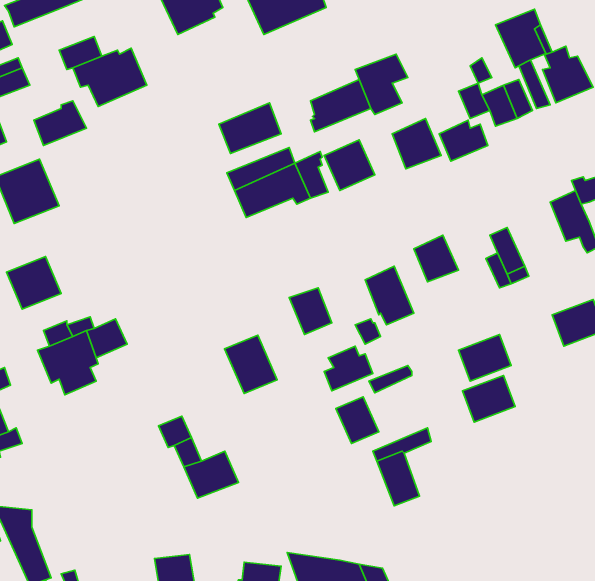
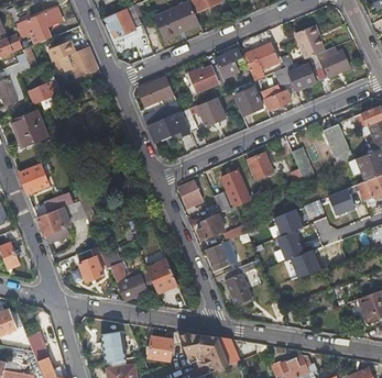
building: none -> [243,44,277,80]
building: [225,335,277,394] -> [146,260,176,293]
building: none -> [75,246,103,282]
building: none -> [290,251,319,277]

